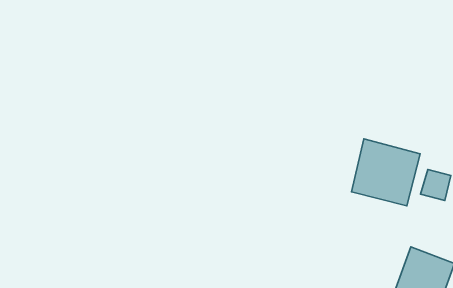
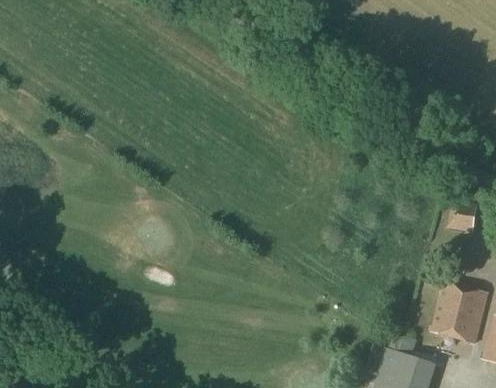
building: [351,139,420,206] -> none

